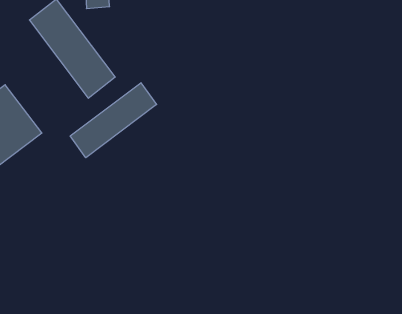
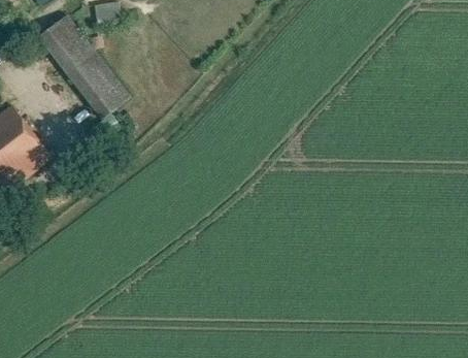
building: [70,83,157,158] -> none

